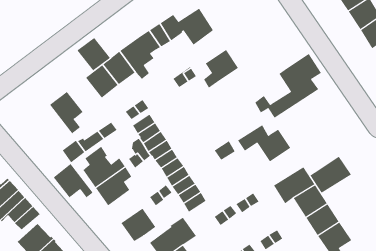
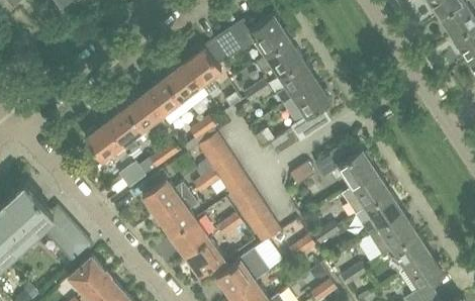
building: none -> [256,39,303,77]
building: [77,37,111,71] -> [124,93,163,131]
building: [254,53,322,119] -> [256,82,331,156]
building: [310,156,352,193] -> [343,172,390,214]
building: [53,163,93,198] -> [84,123,129,163]
building: none -> [170,219,209,257]

